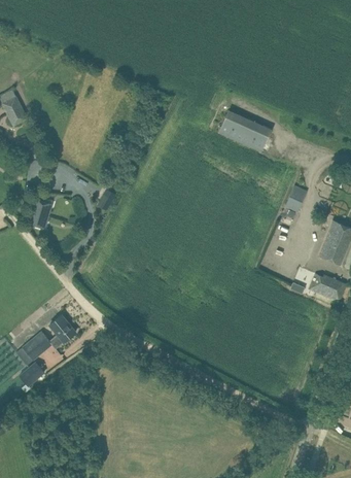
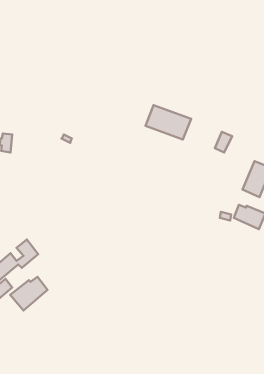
building: [220,110,275,151] -> [146,105,191,140]
building: none -> [10,277,48,310]

